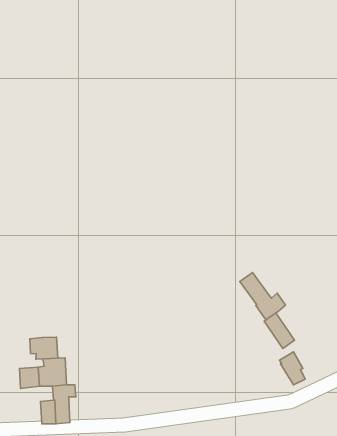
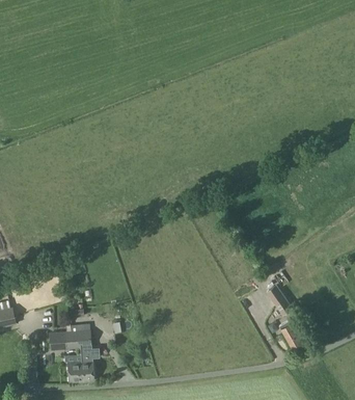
building: [240,273,285,320] -> none
building: [30,337,58,359] -> none

